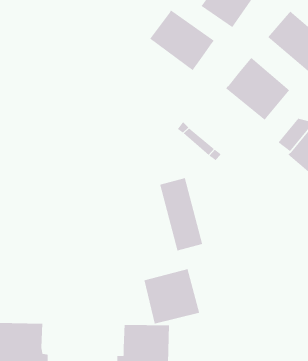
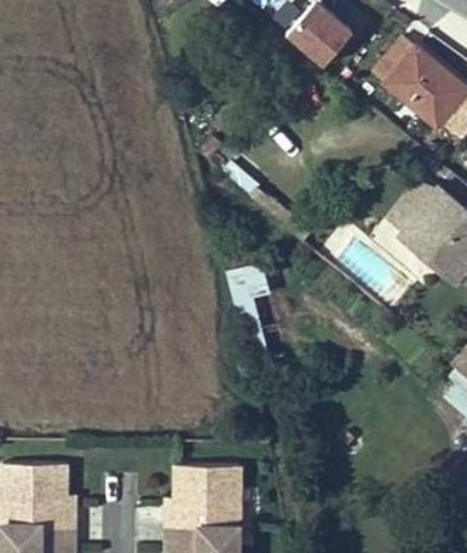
building: [149,9,215,71] -> none
building: [225,57,290,121] -> none
building: [143,268,200,325] -> none

